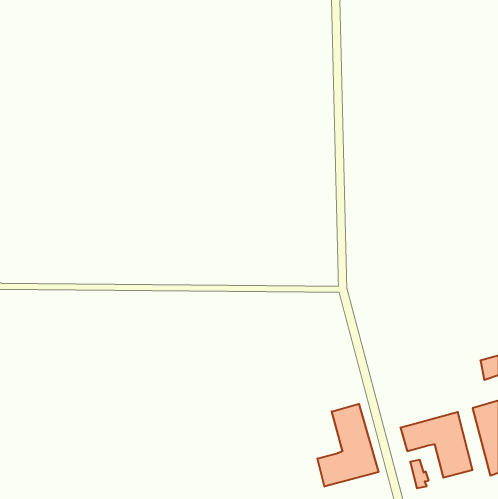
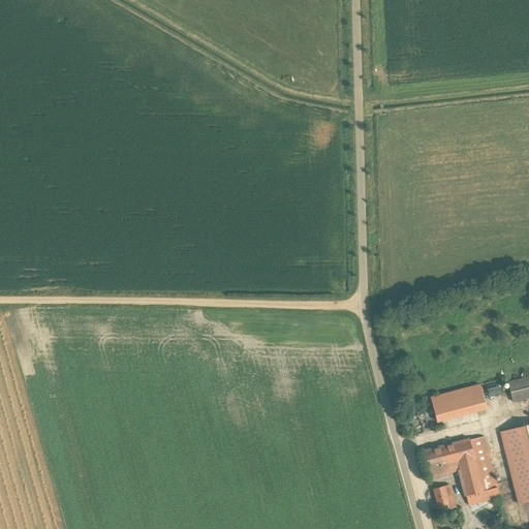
building: none -> [429,384,486,421]
building: [317,404,378,487] -> none

